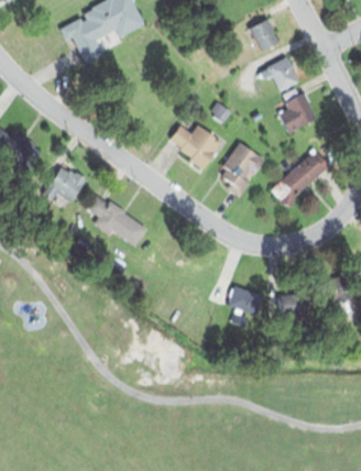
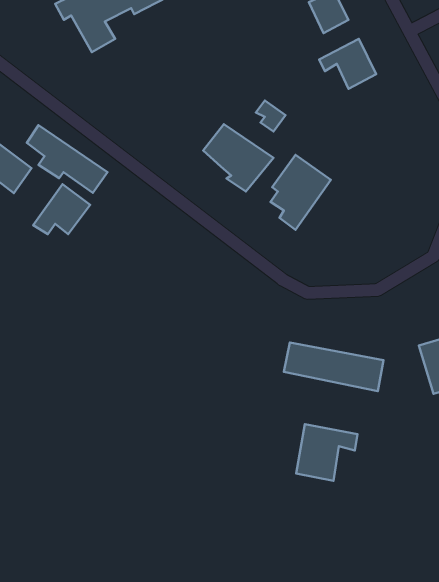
building: [280,92,318,132] -> none
building: [270,152,328,209] -> none
building: [86,196,146,247] -> [27,125,107,193]
building: none -> [296,424,358,481]

